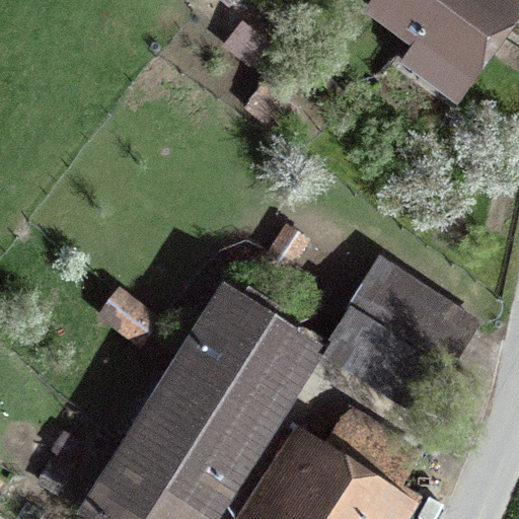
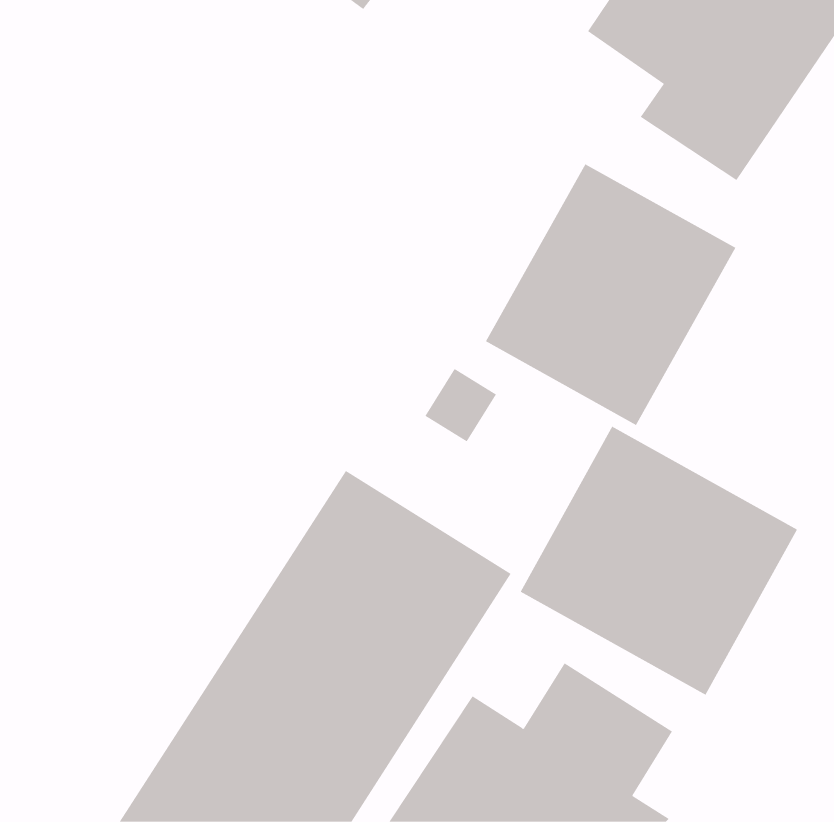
building: none -> [485,163,736,426]

